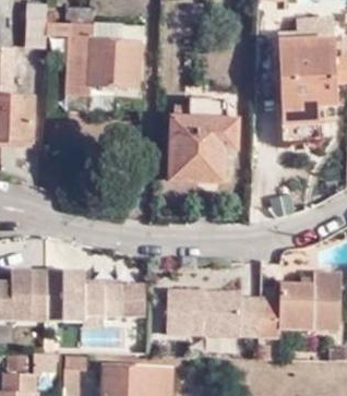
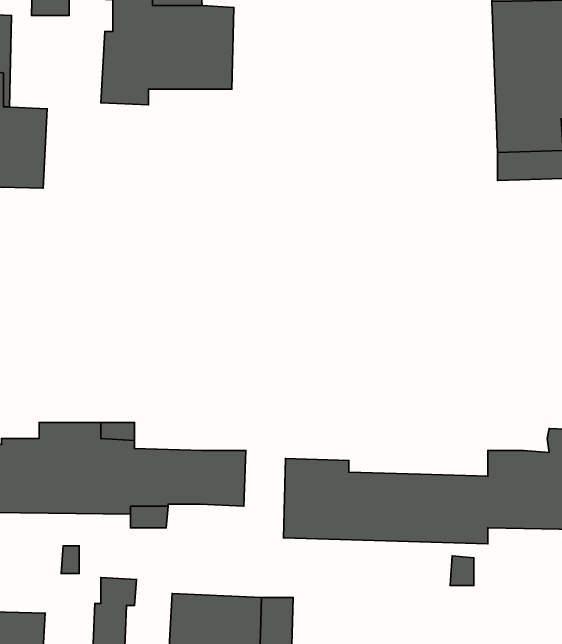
building: [171,98,236,181] -> none

